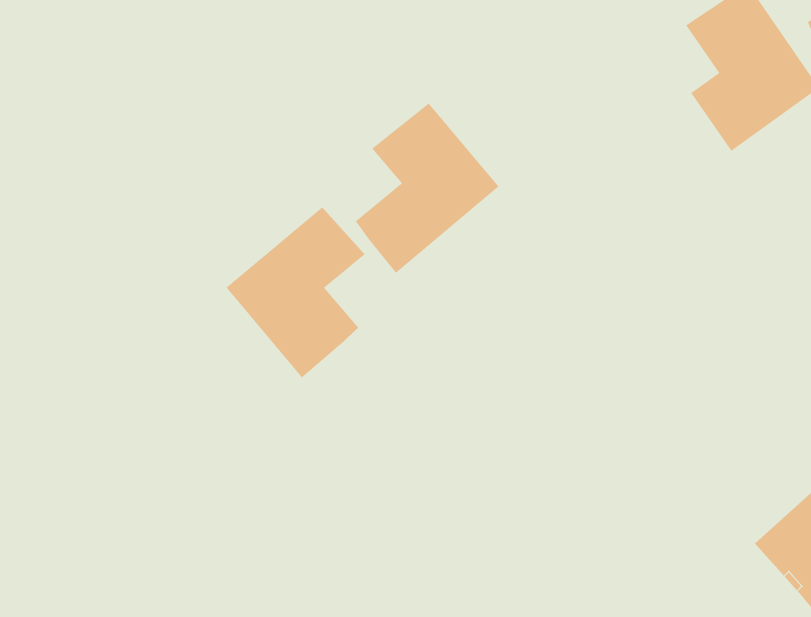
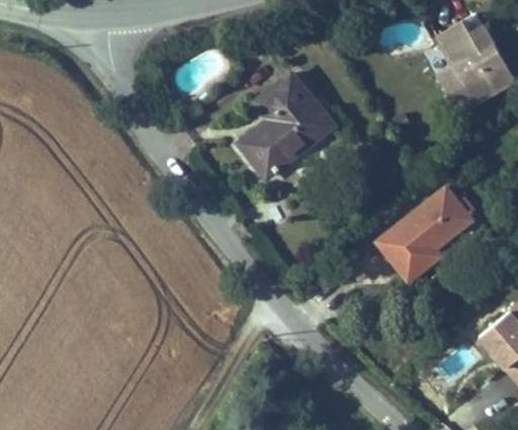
building: [225,206,365,379] -> none
building: none -> [379,192,470,287]

